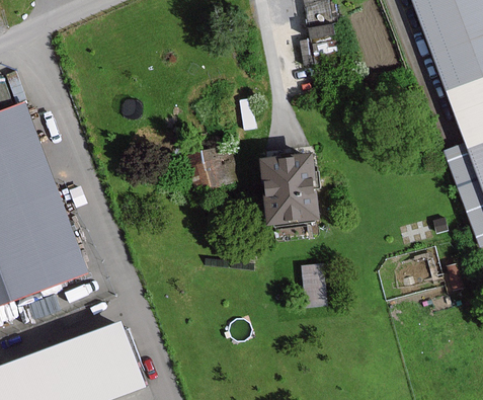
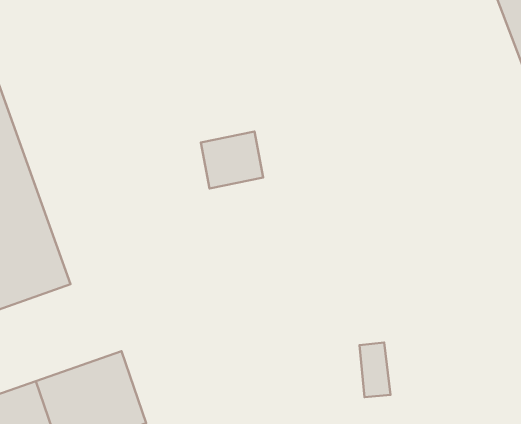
building: [263,158,316,222] -> none
building: [301,259,326,304] -> [359,343,391,397]

